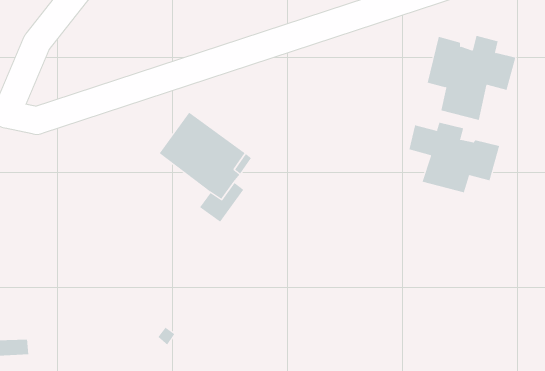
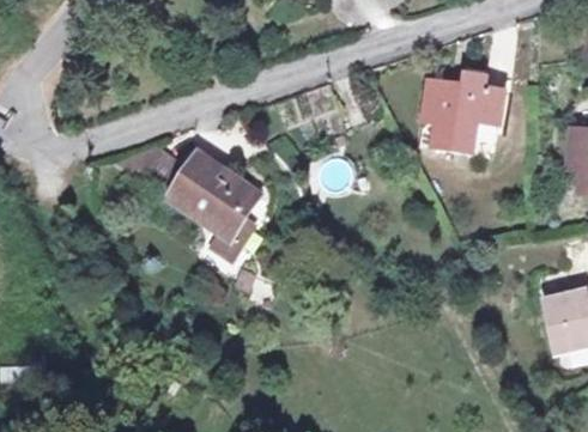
building: [409,122,500,193] -> none

